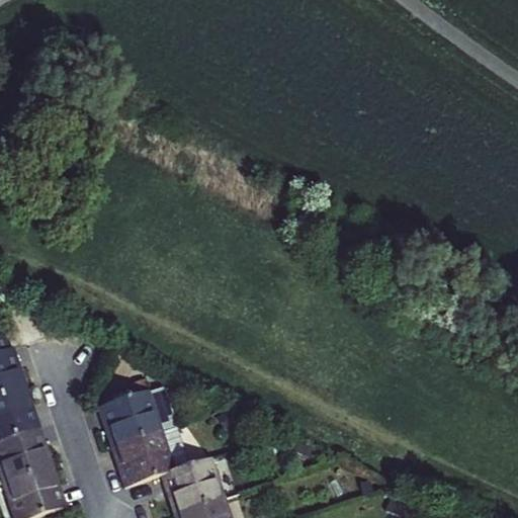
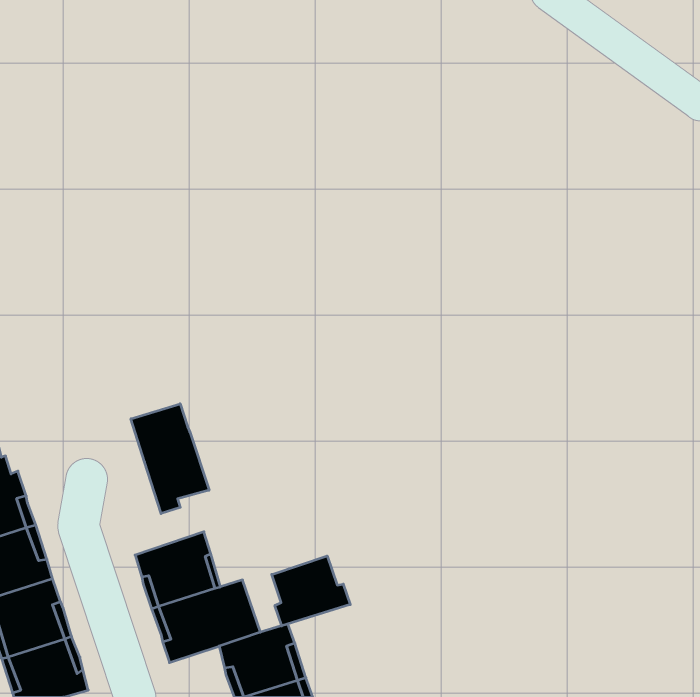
building: none -> [131,404,209,514]
building: none -> [272,556,350,626]

